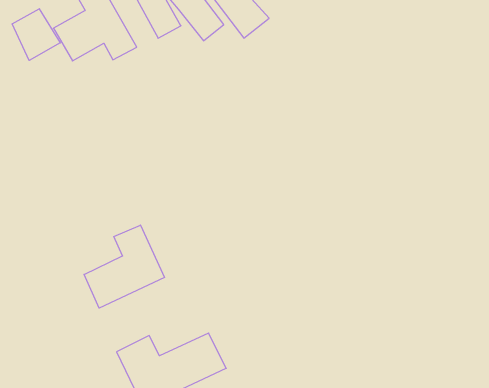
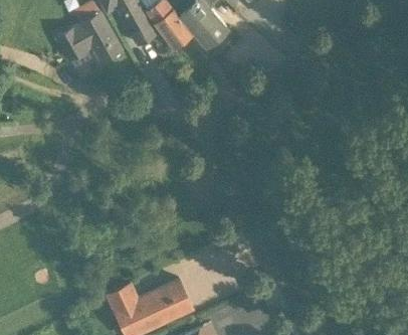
building: [12,9,60,60] -> none
building: [84,225,165,308] -> none

